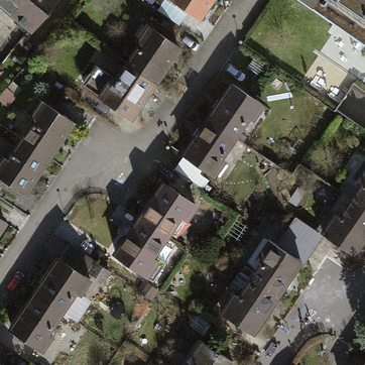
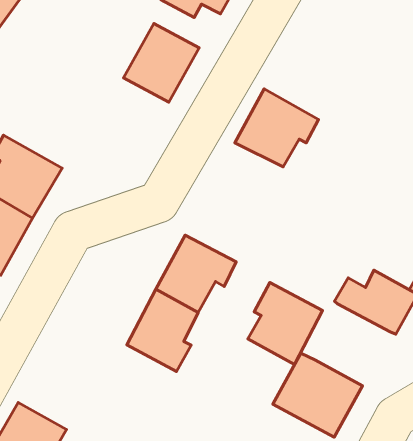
building: [83,66,155,120] -> none
building: [176,119,234,180] -> none
building: [246,241,301,301] -> [248,283,322,365]
building: [29,245,94,316] -> none

